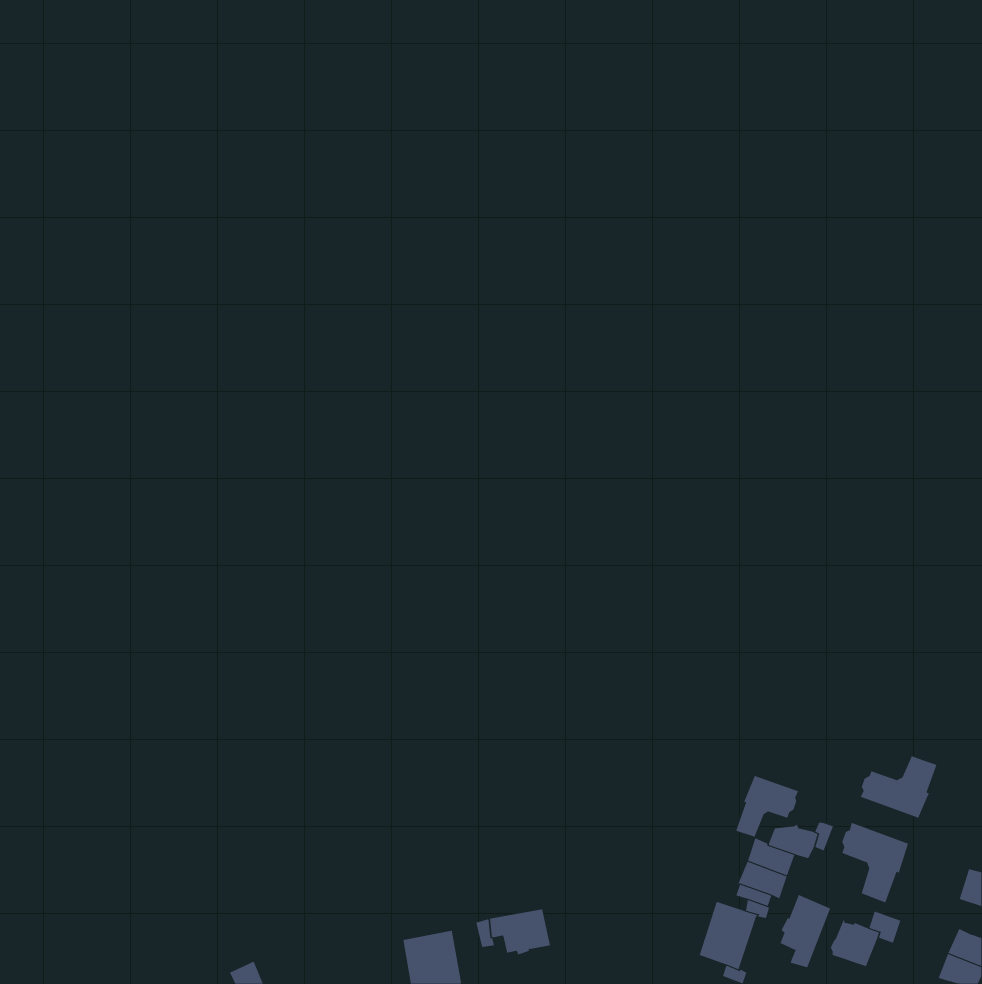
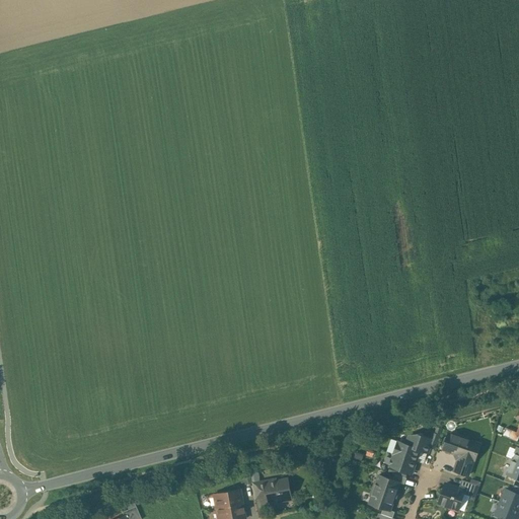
building: [860,755,937,819] -> none
building: [735,775,799,838] -> none
building: [780,894,831,968] -> none

